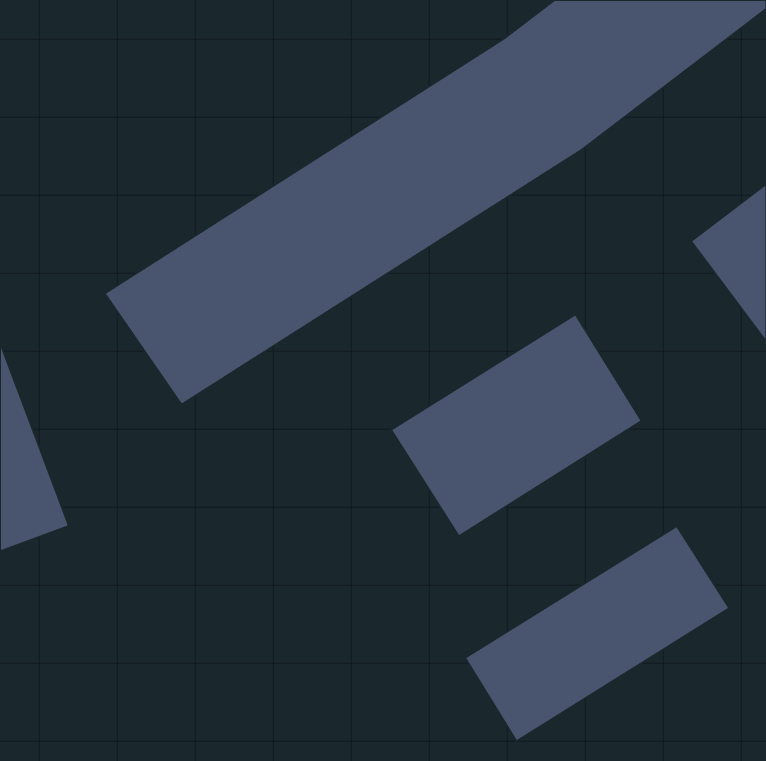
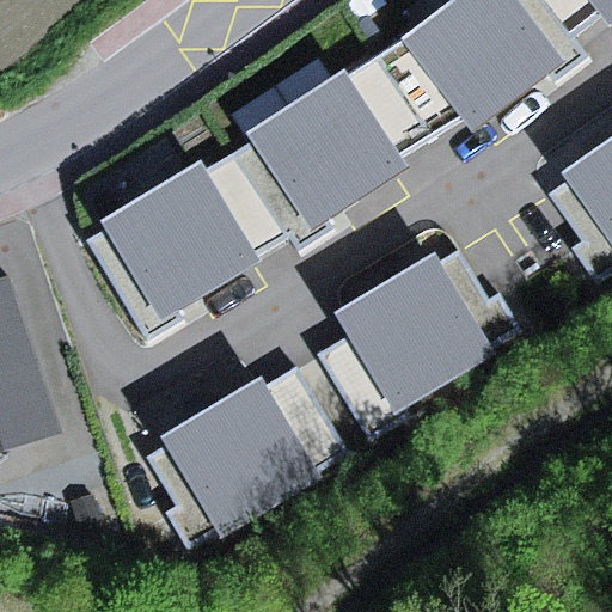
building: none -> [146,366,345,543]
building: [465,526,729,741] -> none

